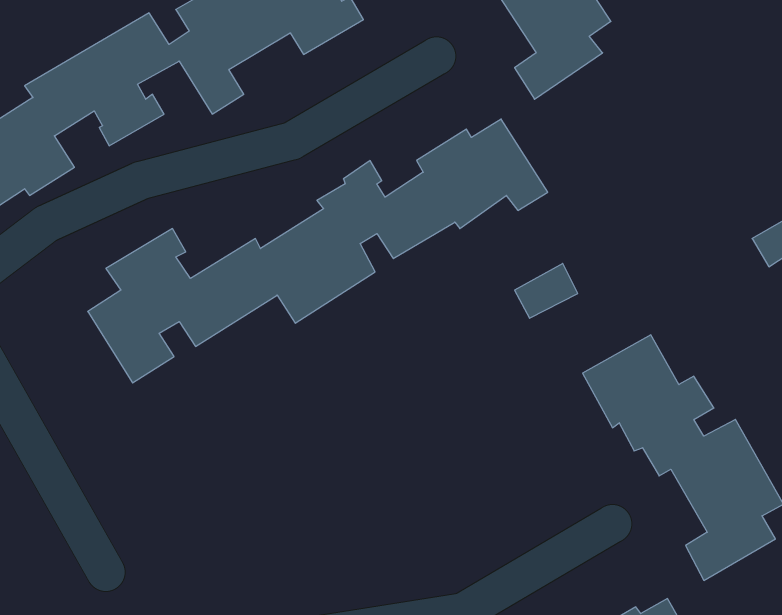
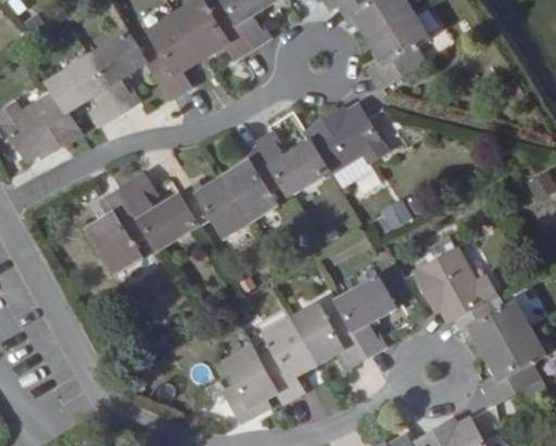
building: none -> [218,277,396,418]

